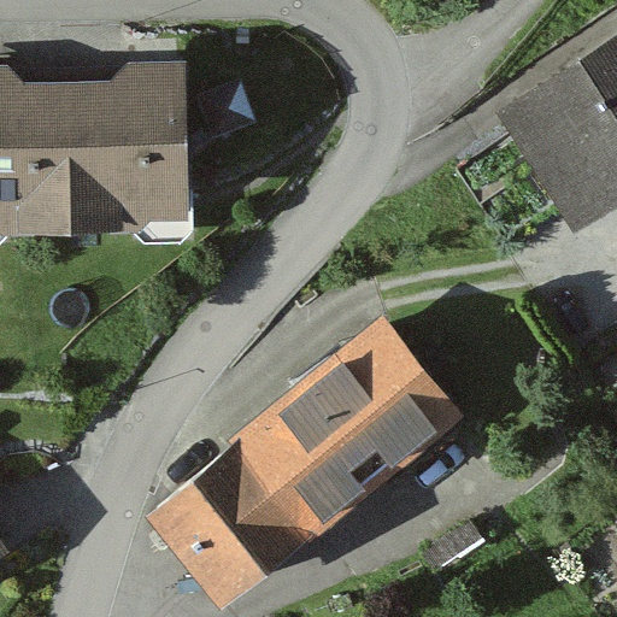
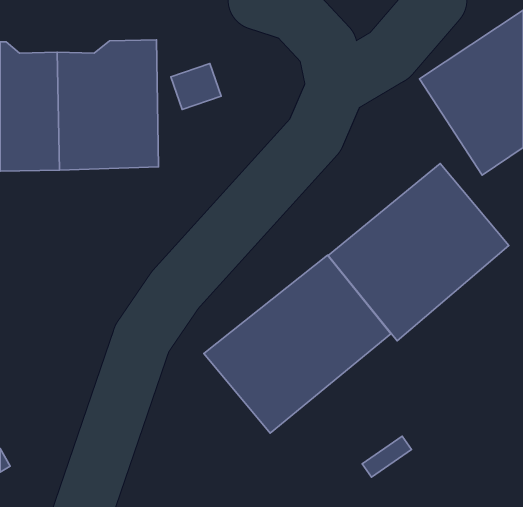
building: none -> [328,163,509,341]
building: [149,435,318,604] -> none

